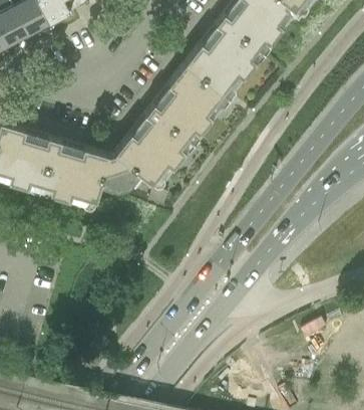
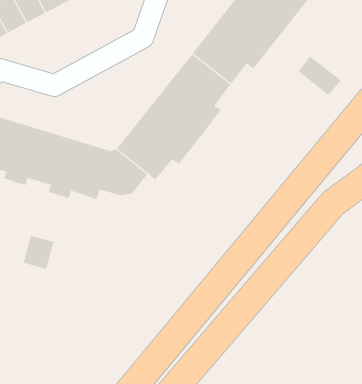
building: none -> [298,55,341,96]
building: none -> [23,235,54,270]

